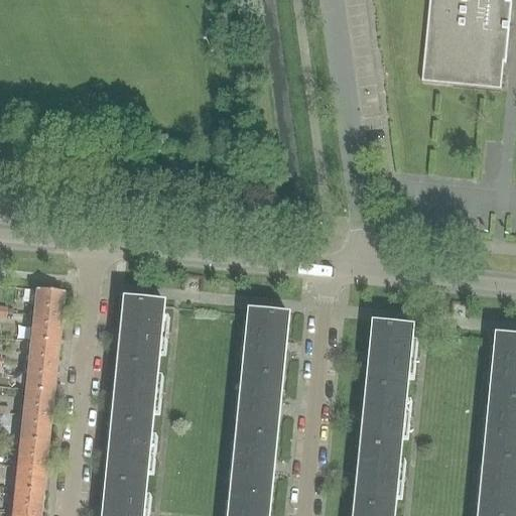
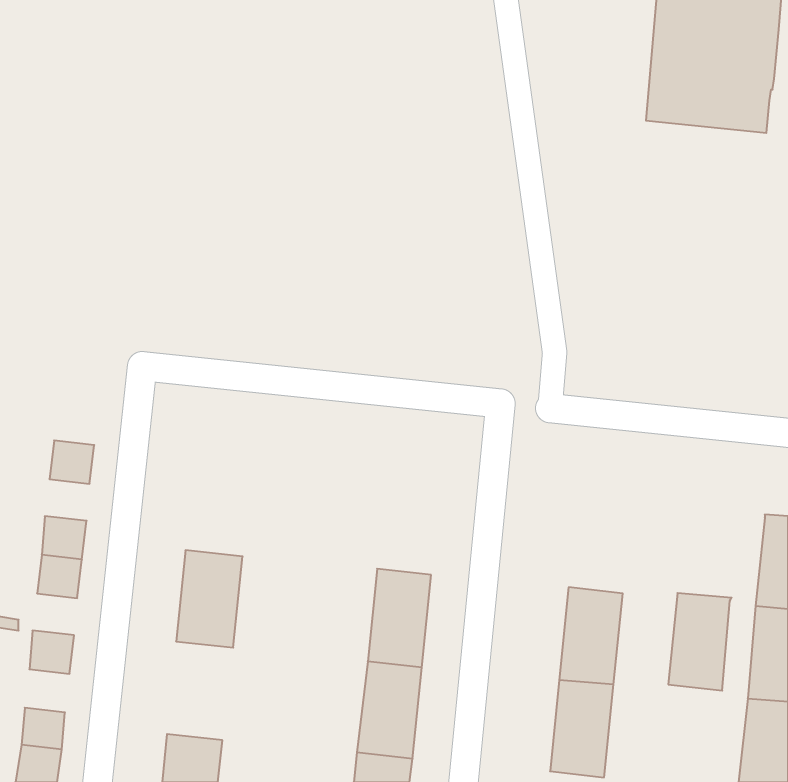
building: [121,298,164,363] -> none
building: [246,311,287,375] -> none
building: [29,312,58,340] -> none
building: [371,324,412,387] -> [668,593,732,691]
building: [21,387,50,414] -> none
building: [109,418,152,483] -> none
building: [16,436,45,465] -> none

